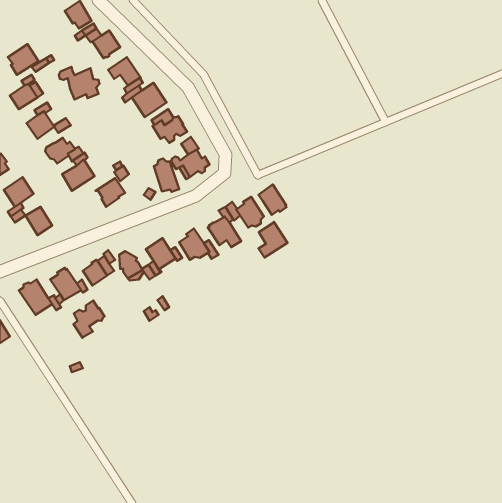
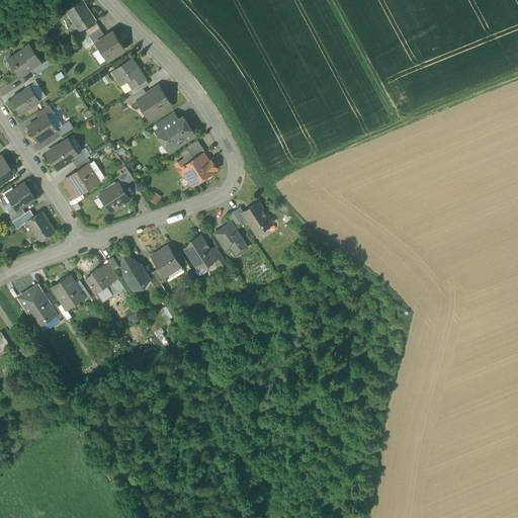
building: [59,67,99,100] -> none
building: [154,158,179,192] -> none
building: [259,185,287,215] -> none
building: [259,222,288,258] -> none
building: [74,300,105,338] -> none

